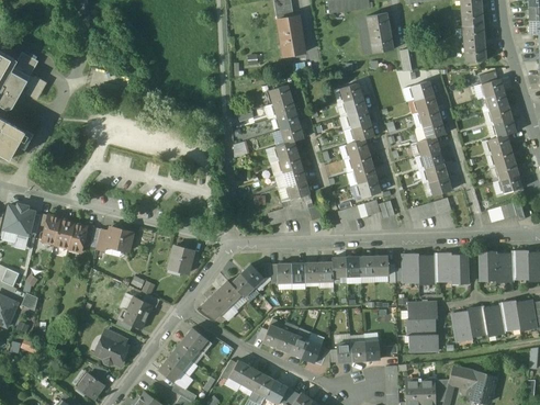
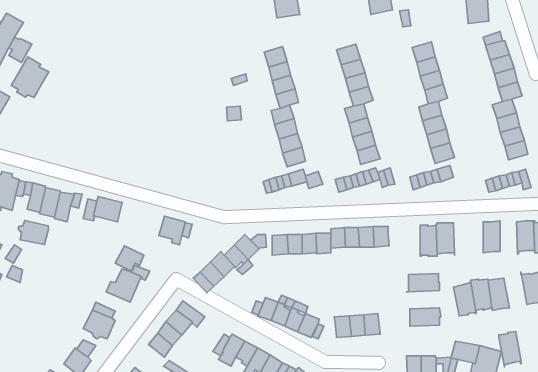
building: none -> [11,57,49,98]
building: none -> [18,221,48,245]
building: [496,252,513,283] -> none
building: [402,254,419,284] -> none
building: [451,254,469,284] -> none
building: [499,301,521,335] -> [499,331,522,367]
building: [406,318,438,336] -> none

